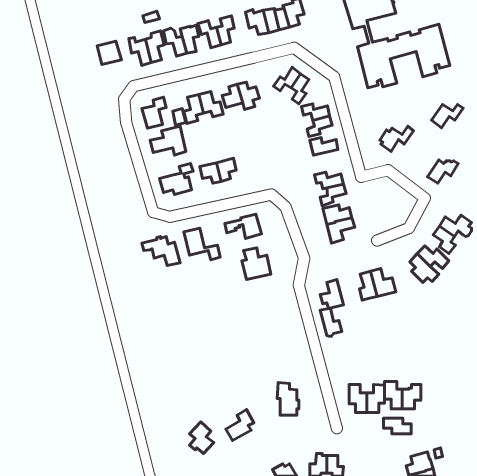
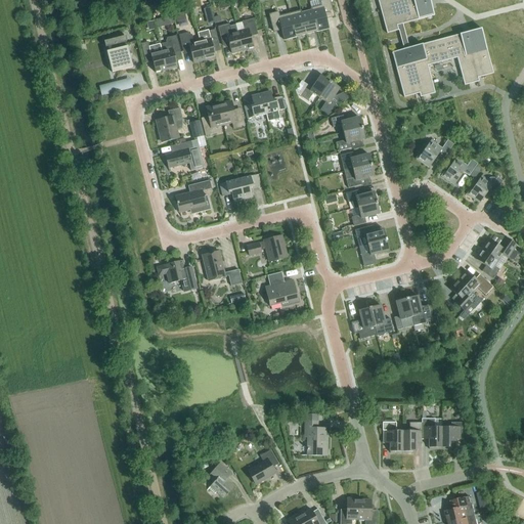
building: [431,104,463,128] -> [443,158,478,183]
building: none -> [344,164,374,186]
building: [320,308,342,336] -> [369,304,393,335]
building: [384,418,411,434] -> none

